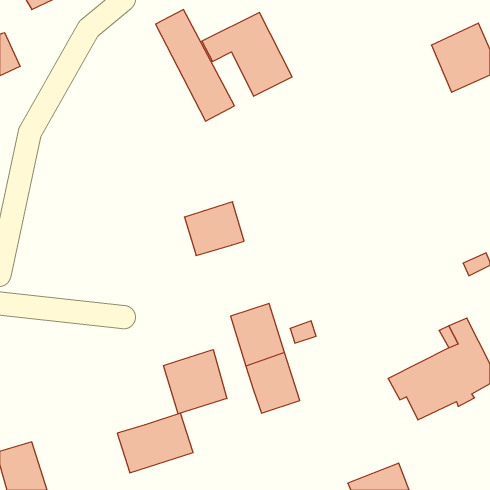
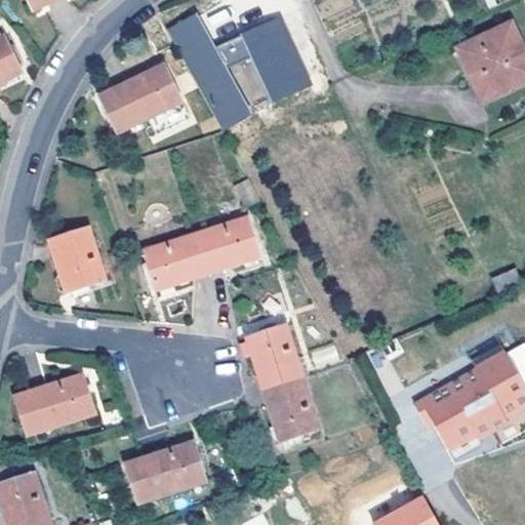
building: none -> [99,64,183,132]
building: none -> [49,228,106,292]
building: none -> [144,232,209,290]
building: none -> [14,372,95,435]
building: [163,350,227,414] -> none

